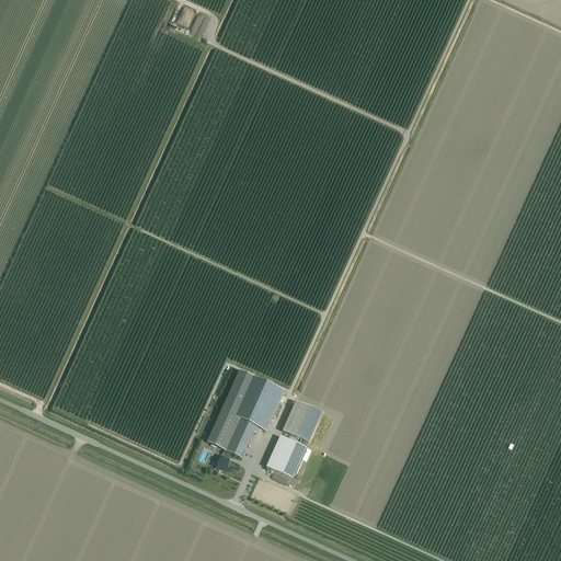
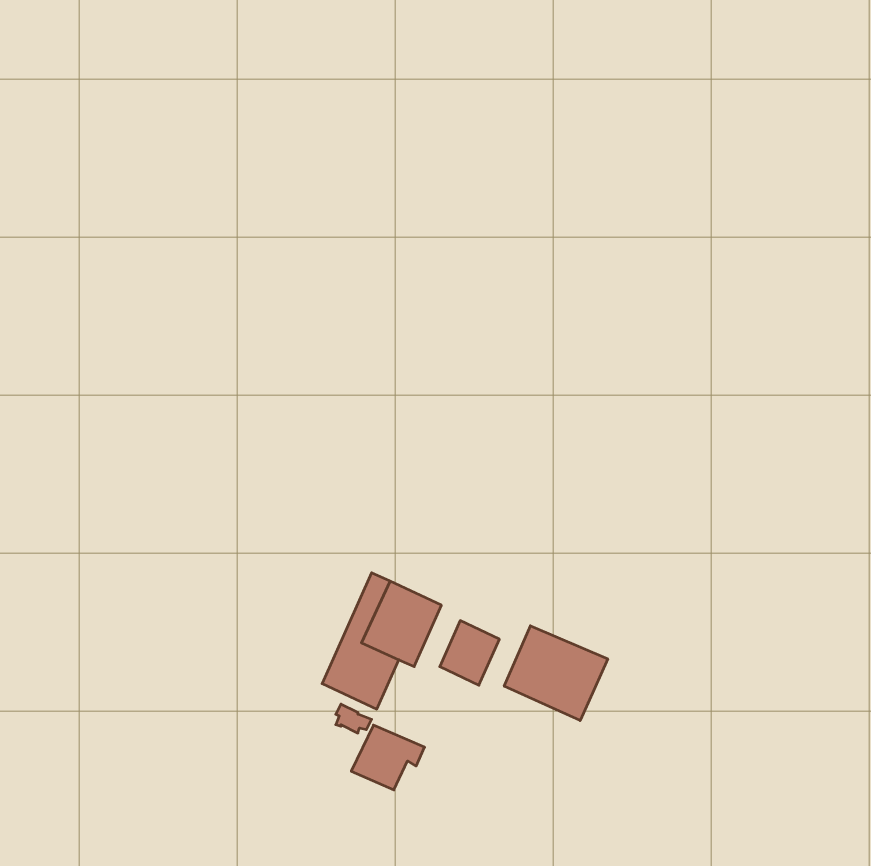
building: none -> [504,626,608,721]
building: [264,434,311,476] -> [351,725,425,790]

